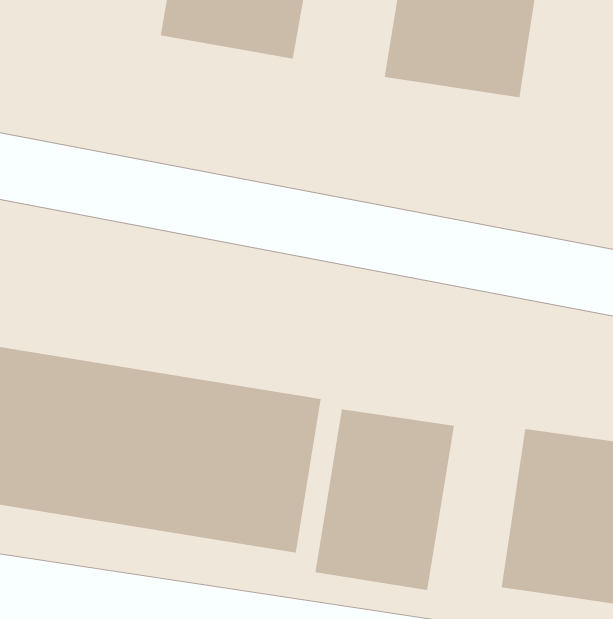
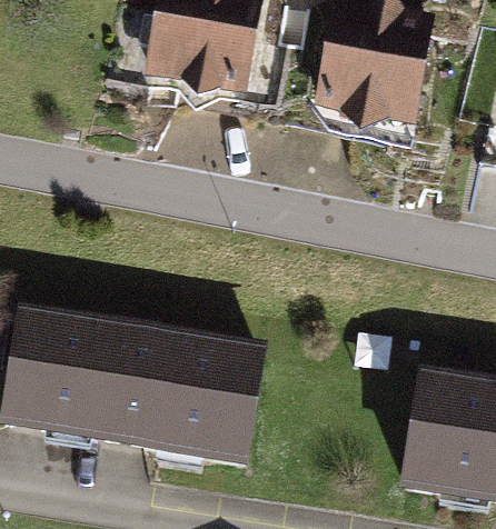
building: [315,409,454,591] -> none

